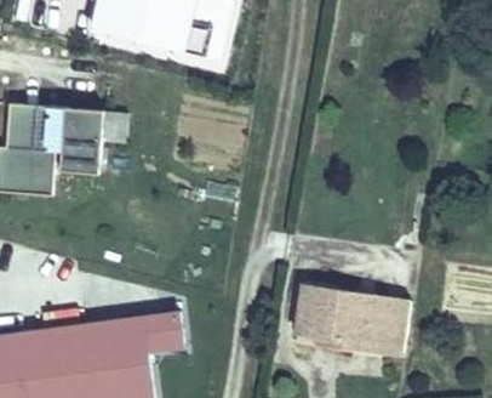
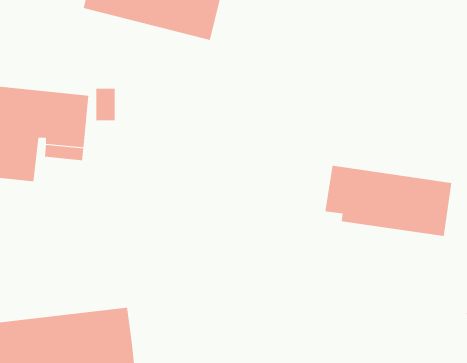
building: [287,288,411,357] -> [324,165,452,236]
building: [139,315,178,356] -> none

